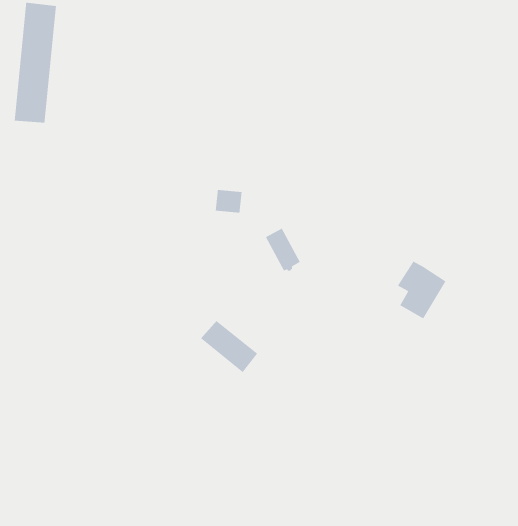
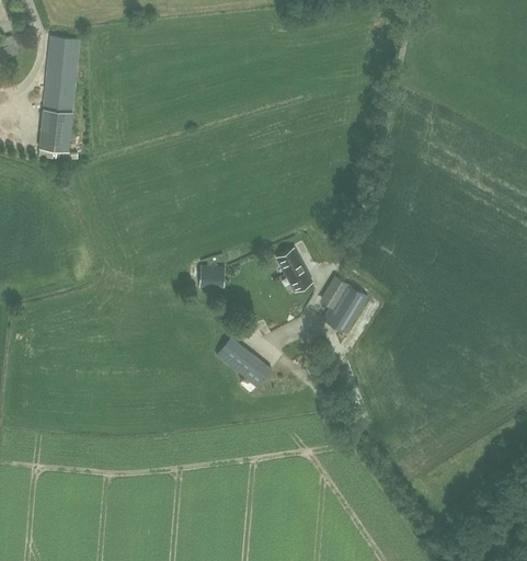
building: [215,189,242,213] -> [199,265,226,288]
building: [397,260,447,319] -> [320,276,367,332]

